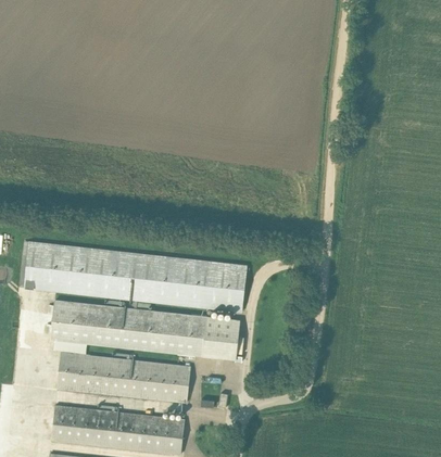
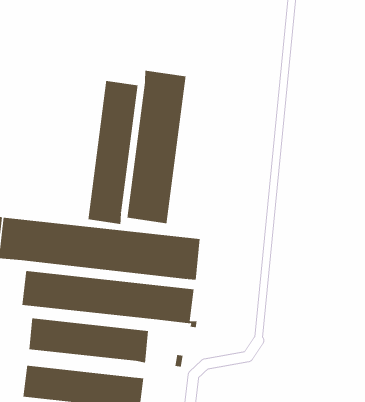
building: none -> [127,70,186,224]
building: none -> [88,80,138,225]

